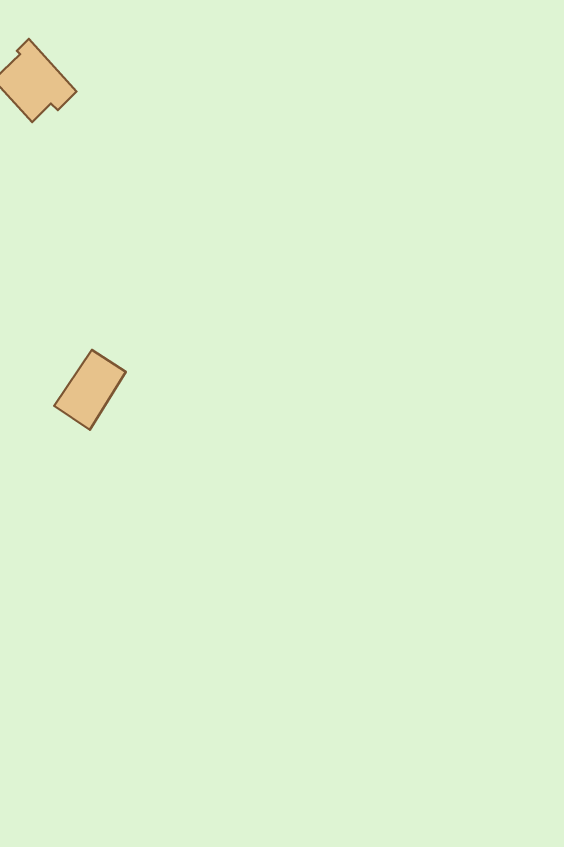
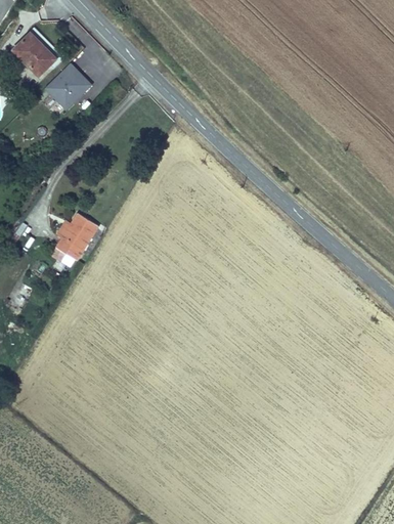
building: none -> [44,60,92,110]

